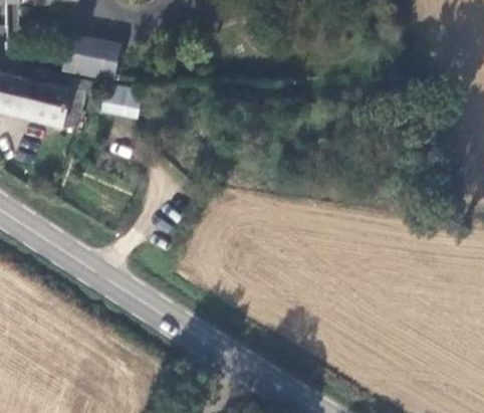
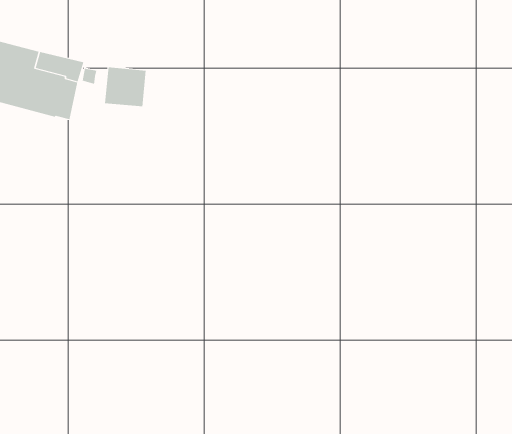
building: [60,37,117,82] -> none

